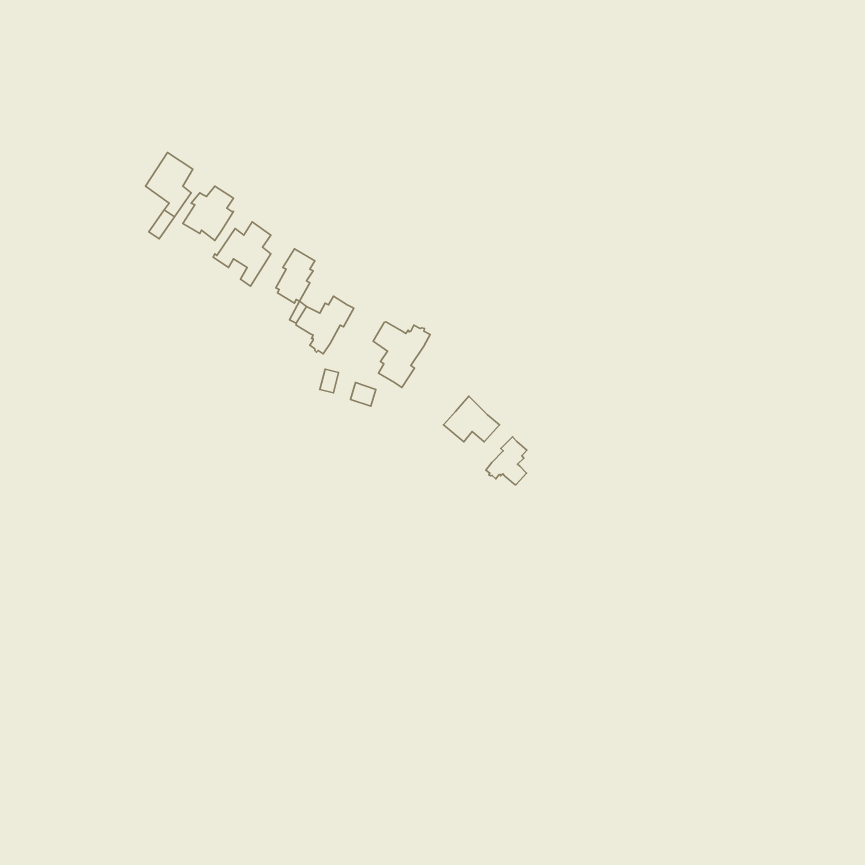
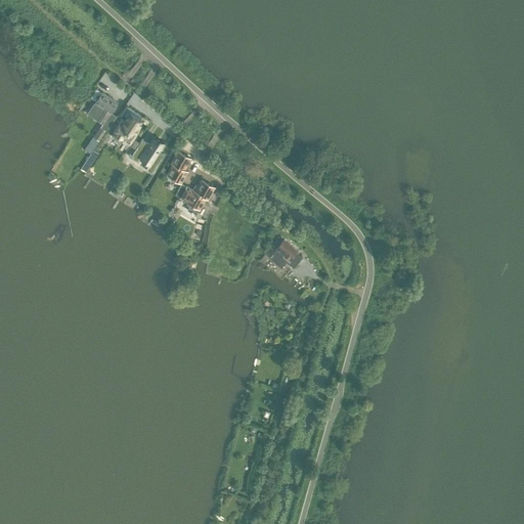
building: [373,322,430,388] -> none
building: [486,437,527,485] -> none

